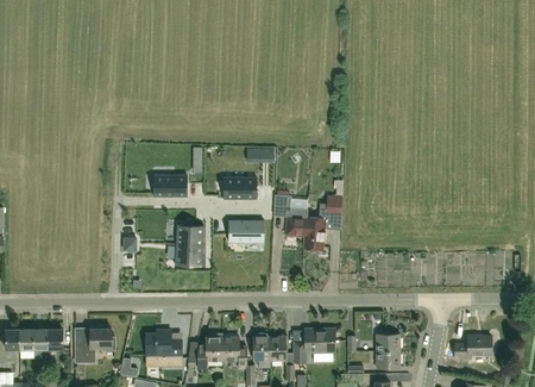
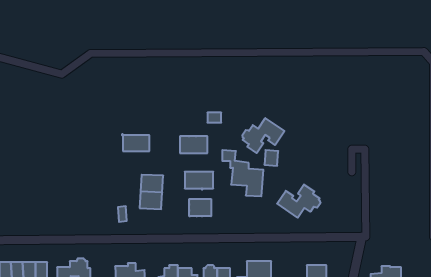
building: none -> [242,118,284,153]
building: none -> [277,184,320,218]
building: none -> [189,199,211,216]

